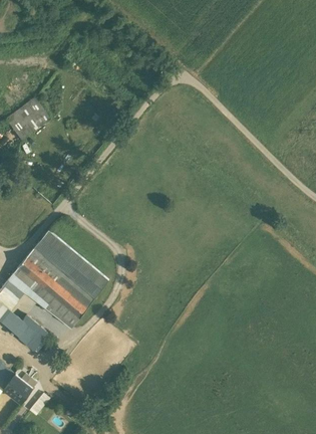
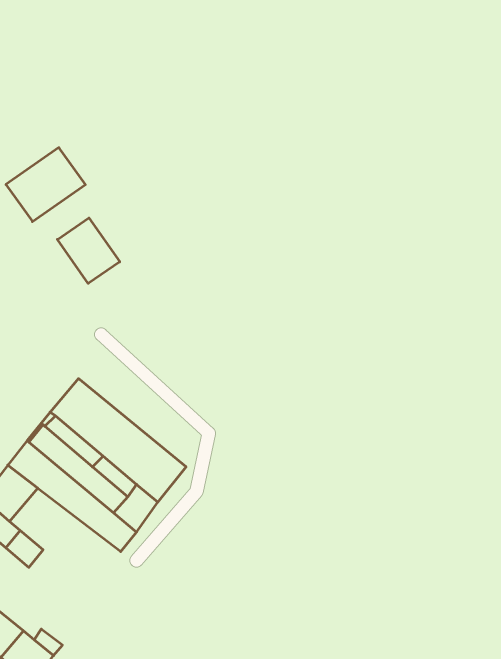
building: none -> [57,218,120,283]
building: [19,319,46,351] -> none

